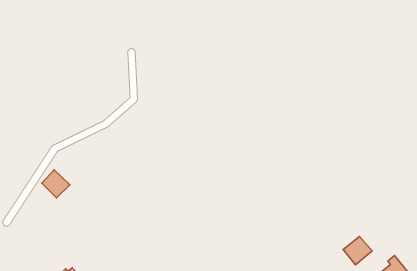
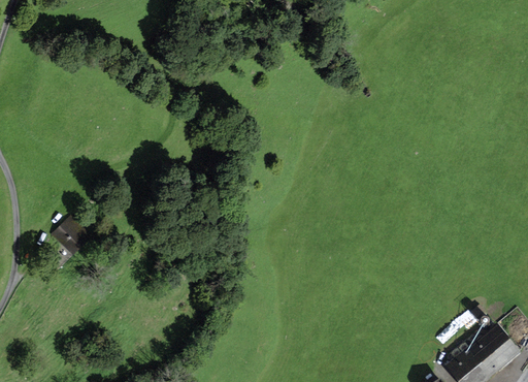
building: [343,236,372,265] -> none

